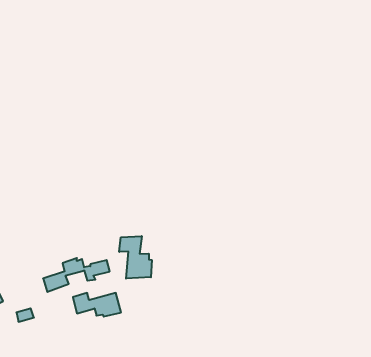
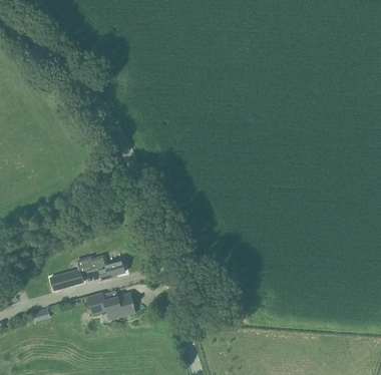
building: [119,236,152,279] -> none

